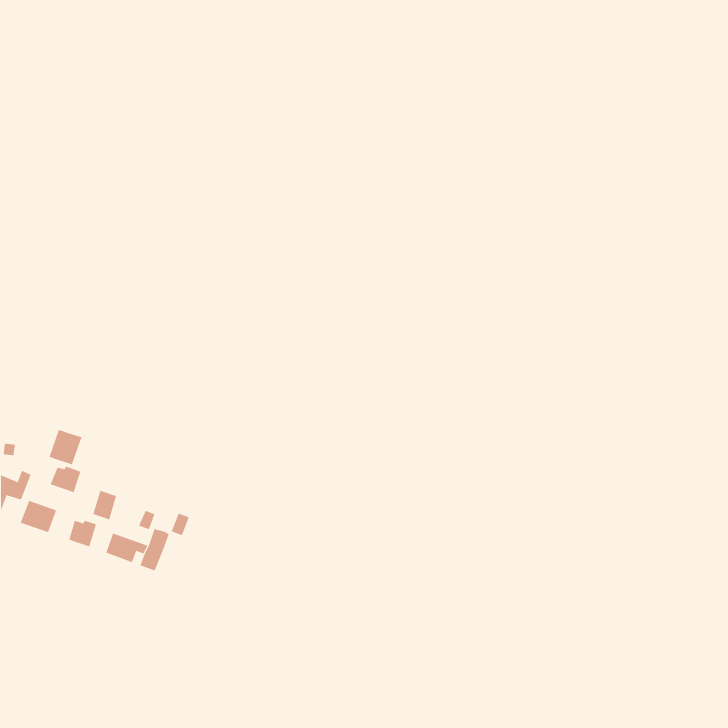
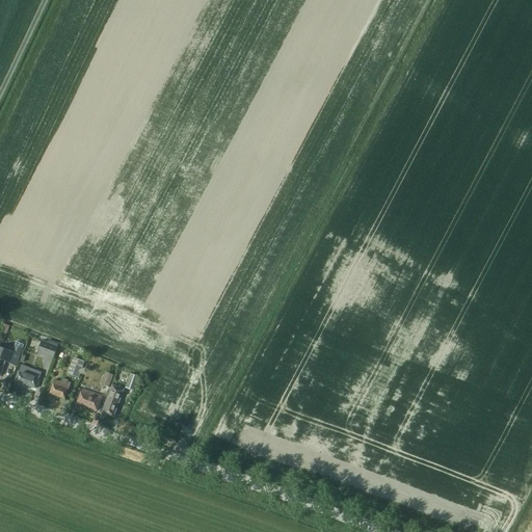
building: [49,429,82,465] -> none

